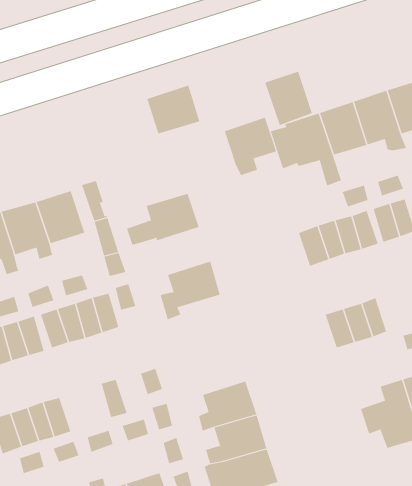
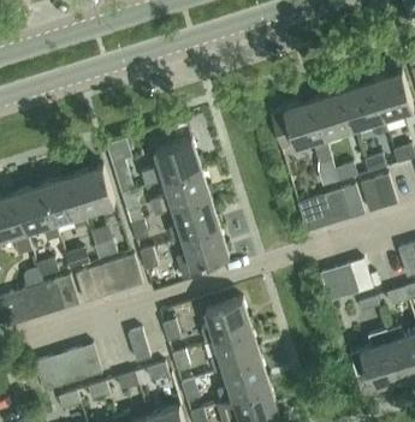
building: [264,71,313,126] -> none
building: [147,85,200,134] -> [156,138,202,180]
building: [224,117,277,176] -> none
building: none -> [171,198,221,242]
building: none -> [200,298,251,341]

